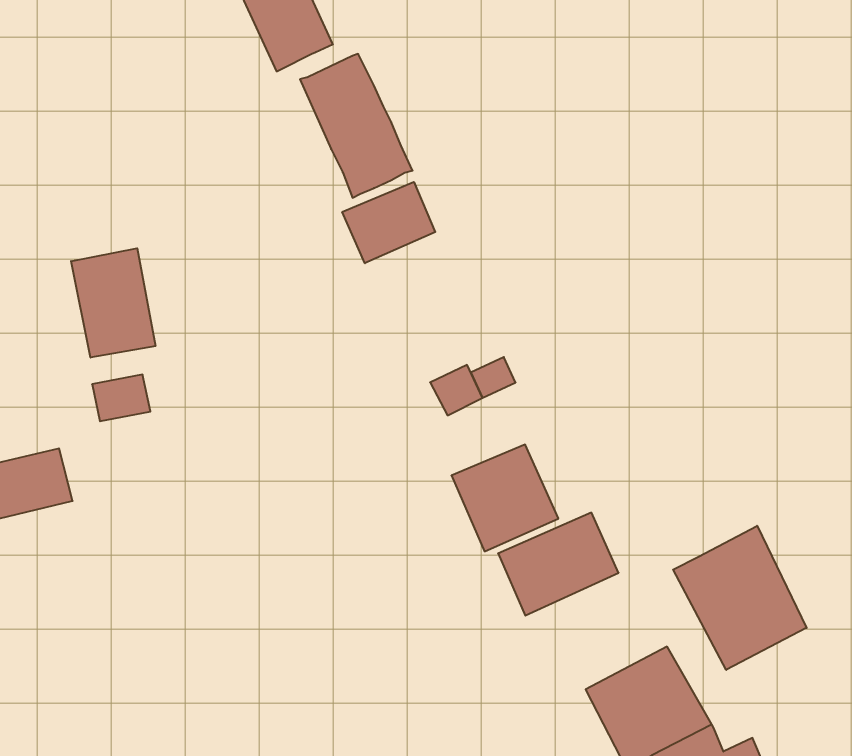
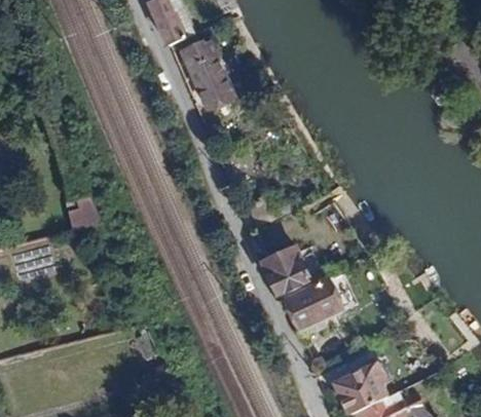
building: [342,182,435,263] -> none
building: [71,248,155,358] -> none
building: [673,526,807,670] -> none

